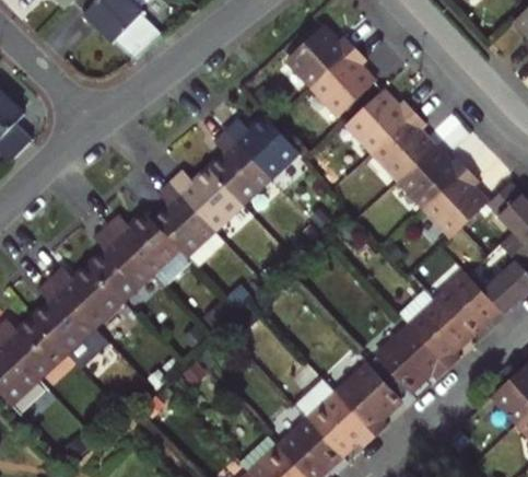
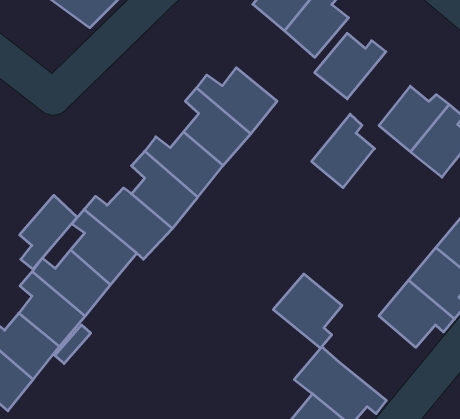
building: [366,118,426,186] -> [312,114,375,188]
building: none -> [20,195,77,269]
building: [327,372,391,443] -> [273,274,342,348]

